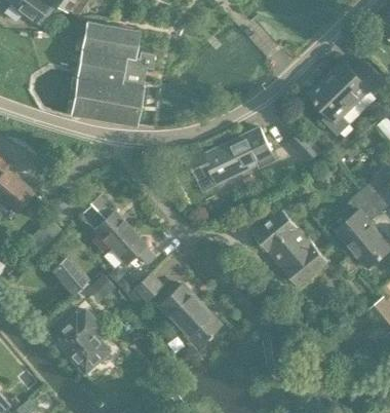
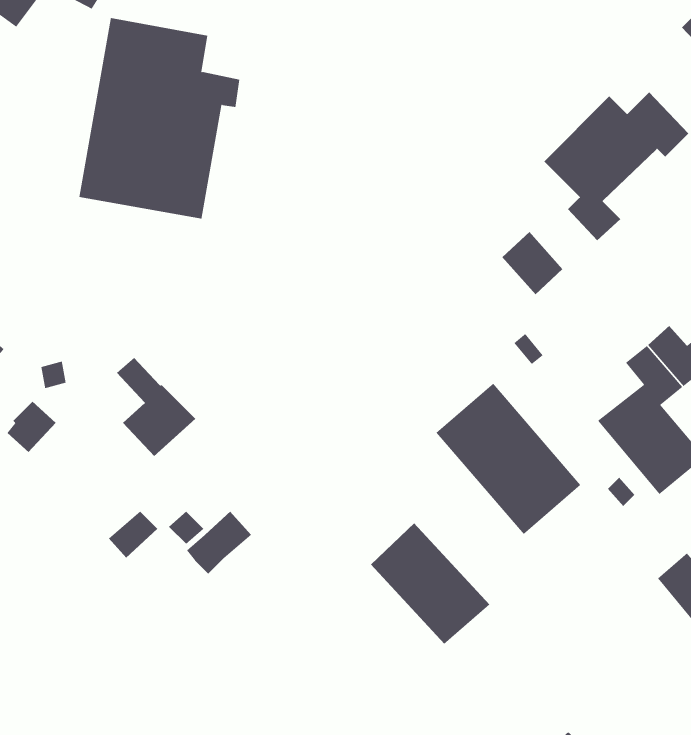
building: [187,128,275,184] -> none
building: [103,228,154,265] -> none
building: [50,256,88,295] -> none
building: [158,284,220,346] -> [370,523,490,644]
building: [51,311,109,374] -> none

